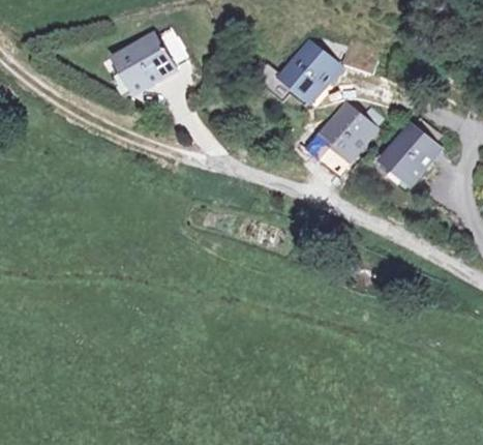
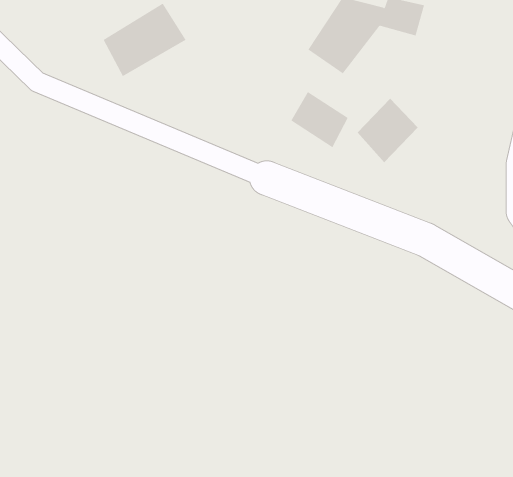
building: none -> [291,91,348,148]
building: [385,132,439,185] -> none

